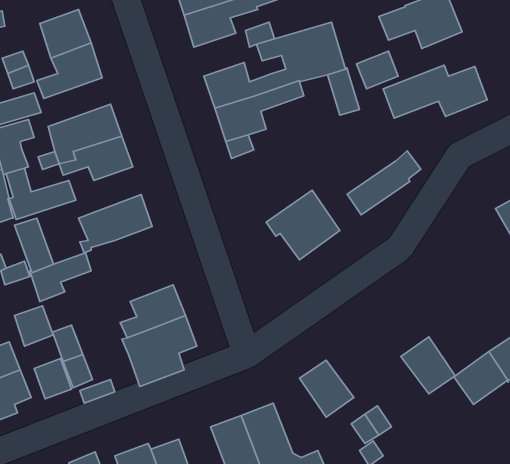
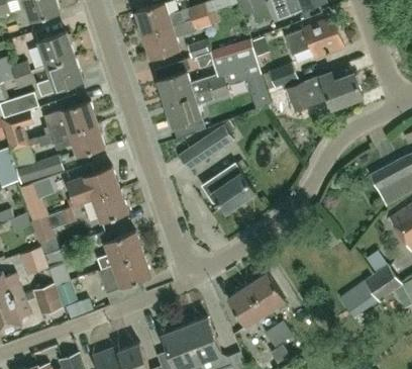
building: [347,151,421,215] -> [178,125,231,172]
building: none -> [92,189,128,222]
building: [401,337,455,394] -> [245,272,285,313]

